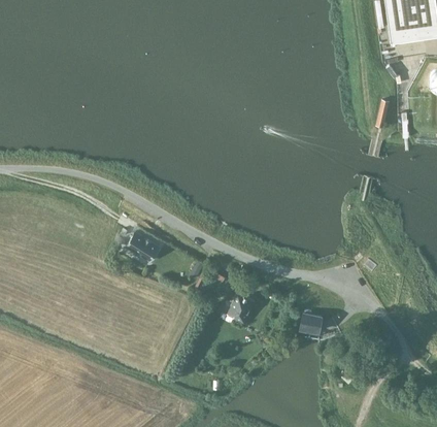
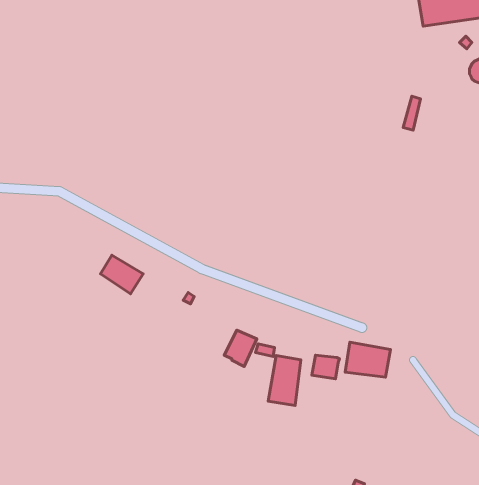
building: none -> [345,342,390,377]
building: none -> [268,355,301,406]

